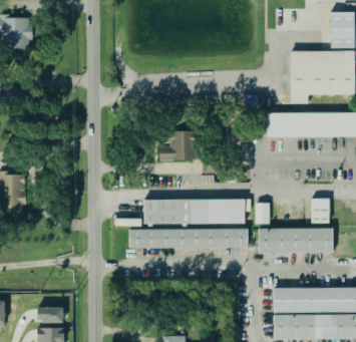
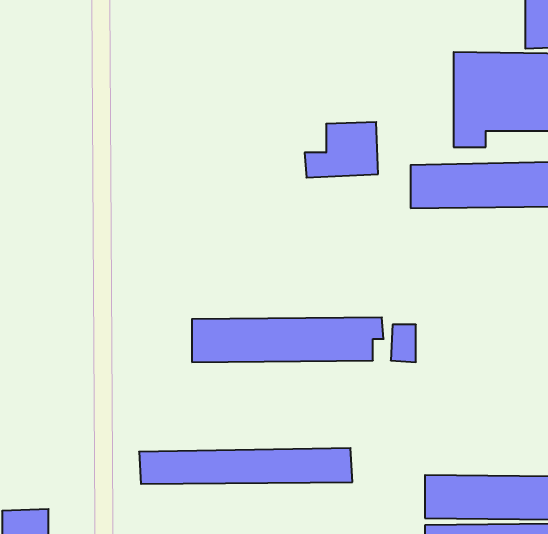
building: [158,129,200,160] -> [305,122,378,178]
building: [311,198,329,223] -> none
building: [128,228,248,248] -> [139,448,352,484]
building: [258,228,333,253] -> none

